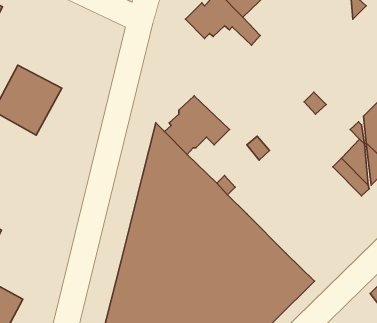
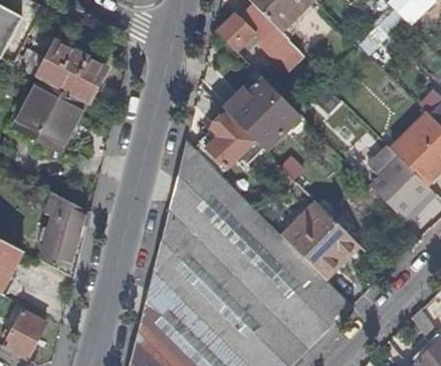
building: none -> [38,45,106,104]
building: none -> [225,77,297,149]
building: none -> [40,195,84,268]
building: none -> [280,201,357,277]

